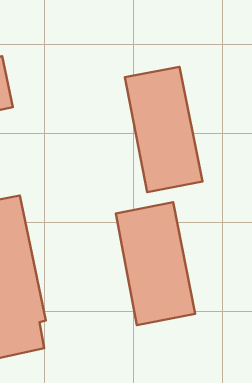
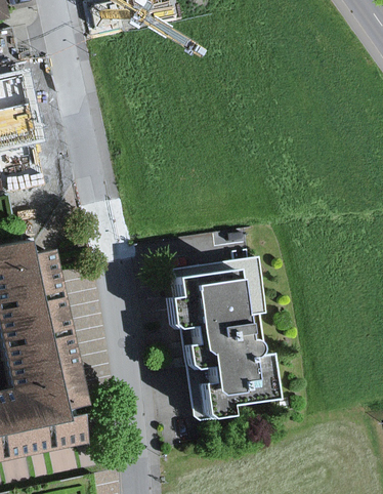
building: [125,67,202,192] -> none

